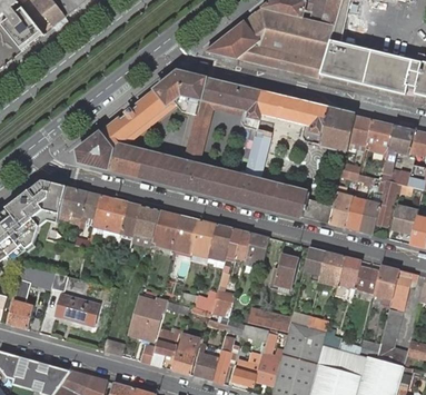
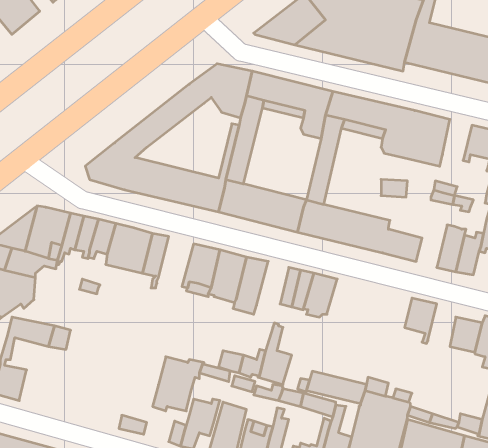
building: [349,115,371,150] -> none
building: [329,186,353,227] -> none
building: [132,204,160,243] -> none
building: [208,223,232,260] -> none
building: [304,246,326,280] -> none
building: [269,253,298,292] -> none
building: [338,255,361,287] -> none
building: [56,293,99,325] -> none

